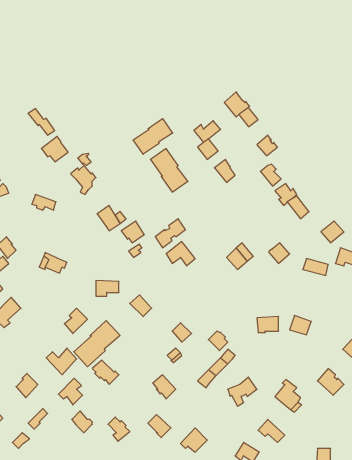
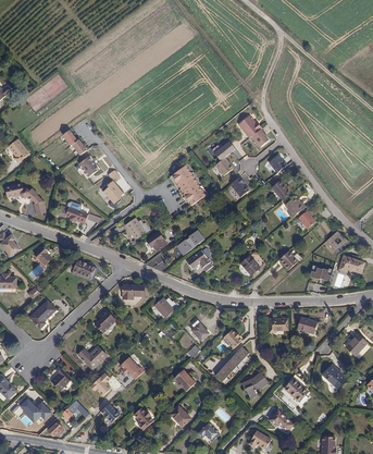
building: [133,119,173,154] -> none
building: [74,321,120,367] -> none

